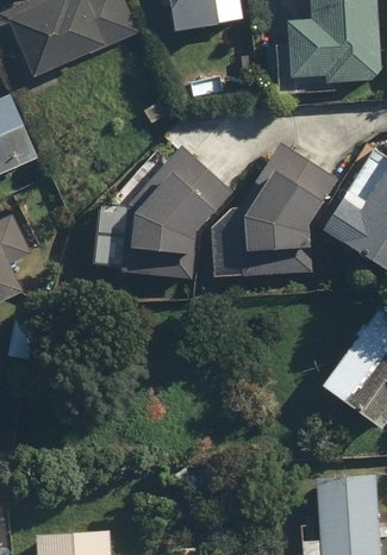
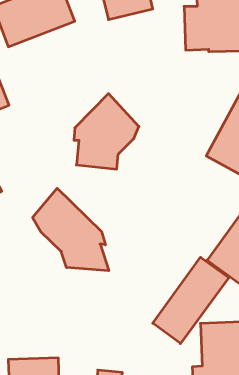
building: [210,142,336,279] -> none
building: none -> [33,188,109,271]
building: none -> [153,257,229,344]

